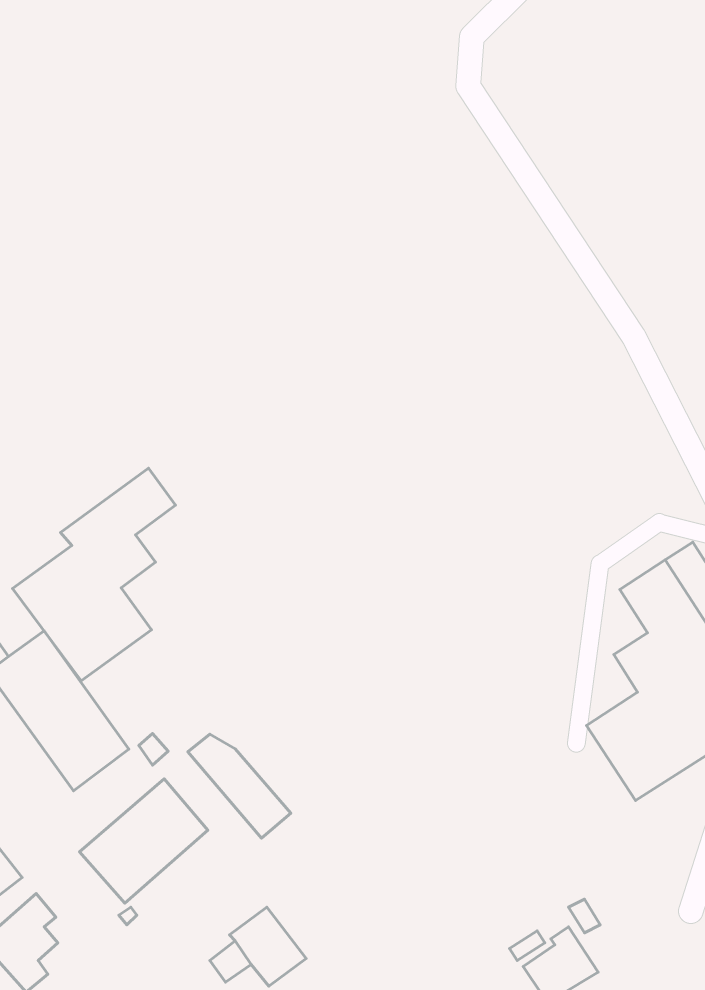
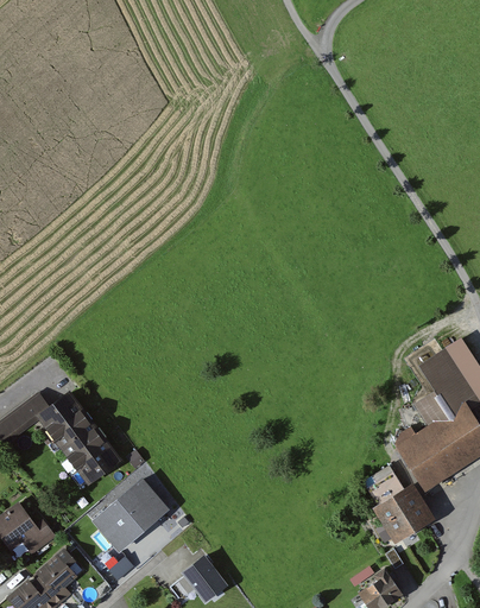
building: [13,468,175,681] -> none
building: [188,734,291,838] -> none
building: none -> [366,470,434,543]

